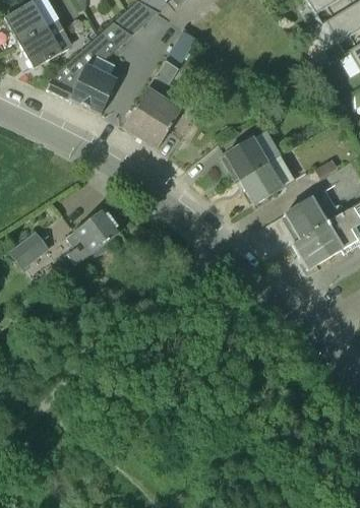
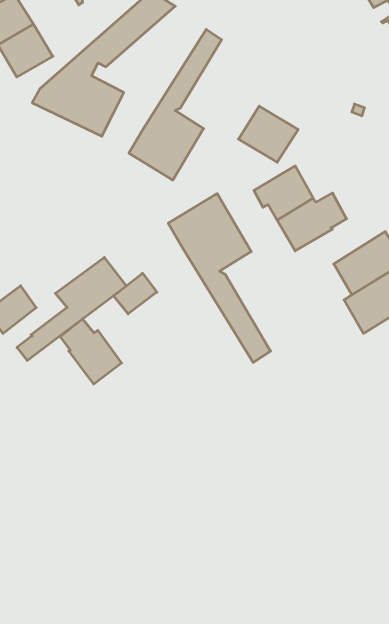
building: none -> [238,106,298,162]
building: none -> [168,194,271,362]
building: none -> [113,273,157,314]
building: none -> [60,319,122,384]

